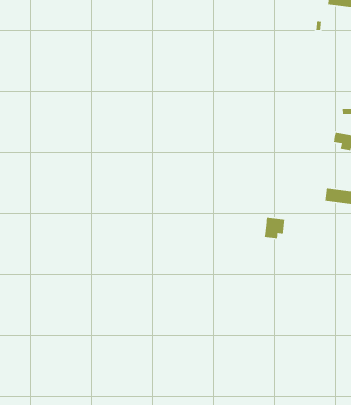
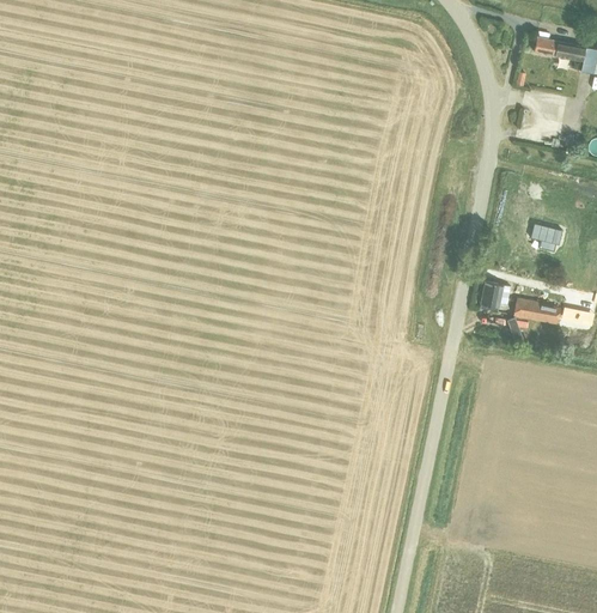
building: [264,217,285,239] -> [480,280,510,311]

